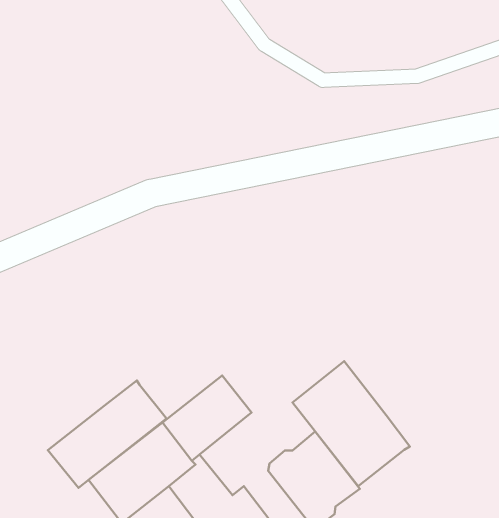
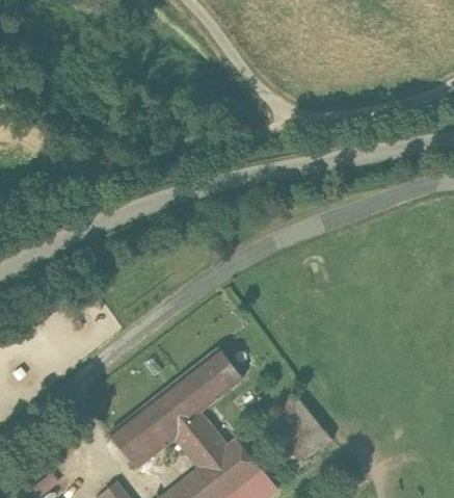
building: [292,361,410,486] -> none
building: [48,381,166,488] -> none

